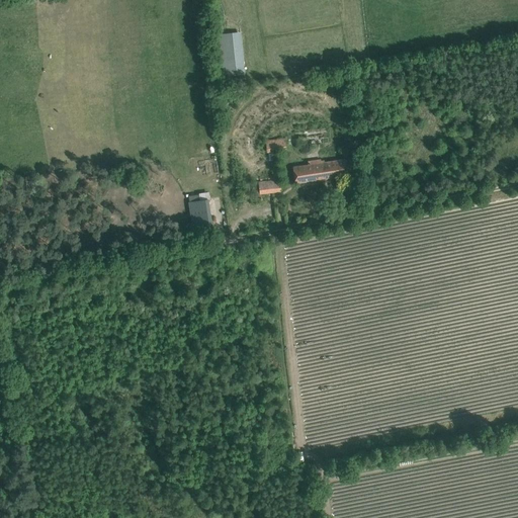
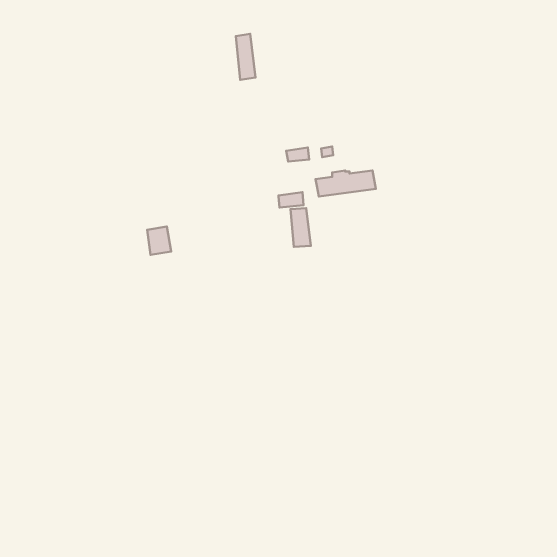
building: none -> [290,208,311,247]
building: [190,198,212,225] -> [147,226,171,255]

